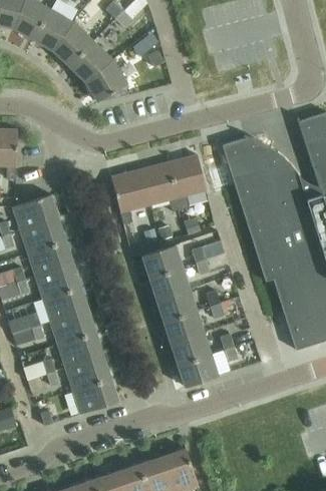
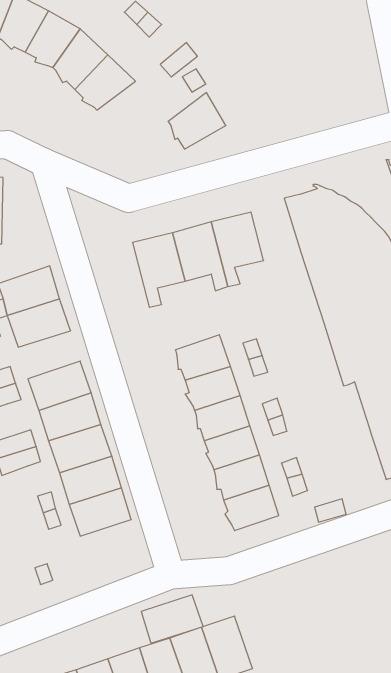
building: [85,60,127,101] -> [168,93,226,149]
building: [28,241,73,277] -> none
building: [73,379,118,414] -> [141,595,203,643]

